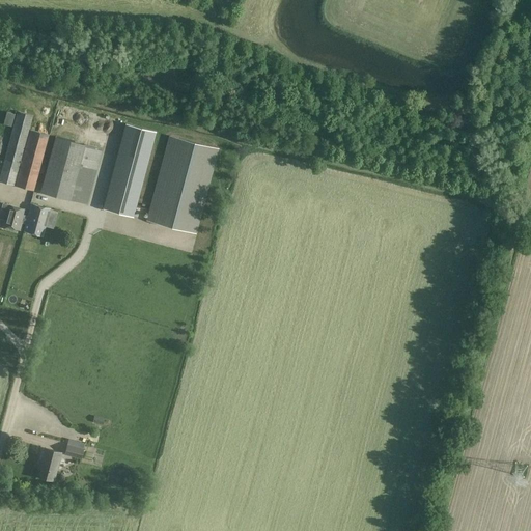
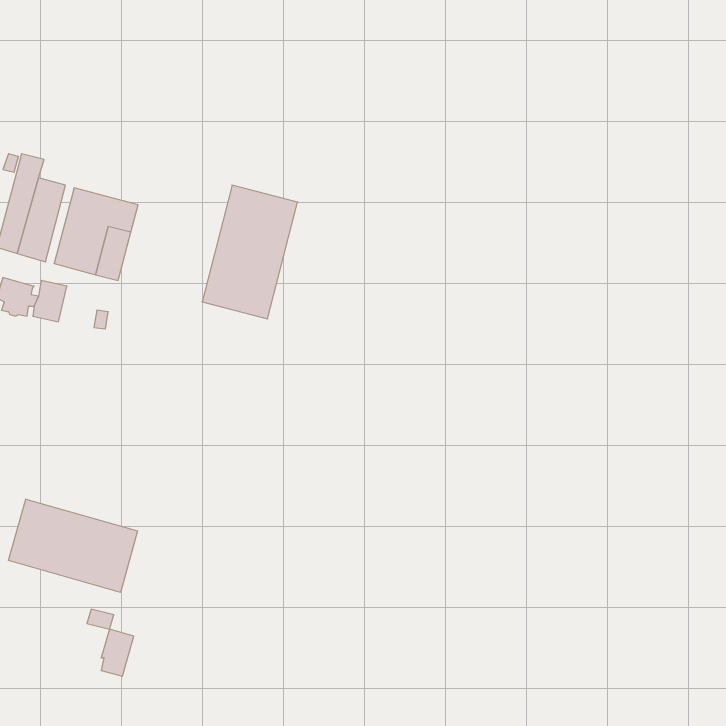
building: [102,124,156,218] -> none
building: none -> [9,499,138,592]
building: [37,448,61,482] -> [101,629,134,676]

